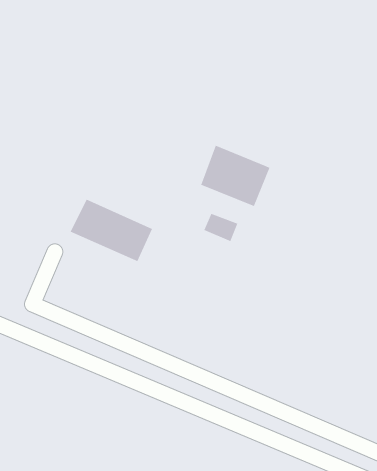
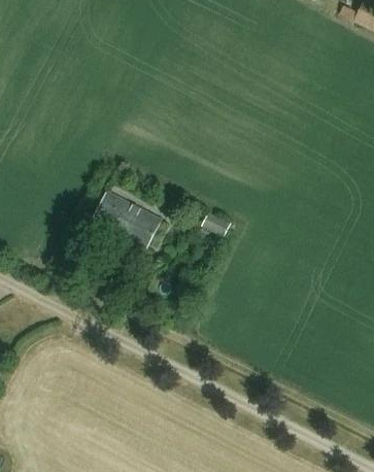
building: [200,145,270,207] -> none

